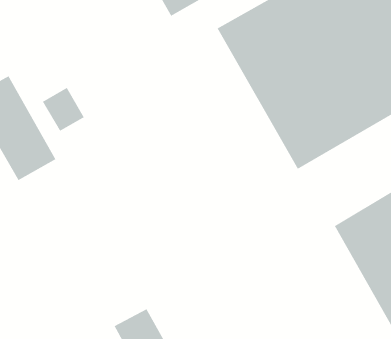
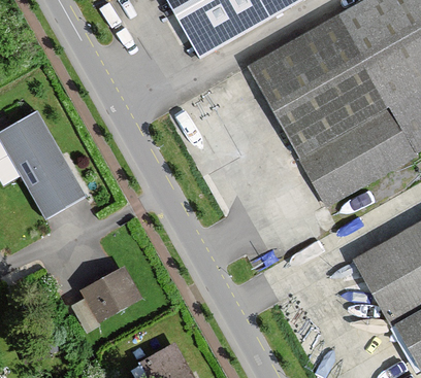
building: [42,87,85,132] -> none
building: none -> [69,267,143,337]

